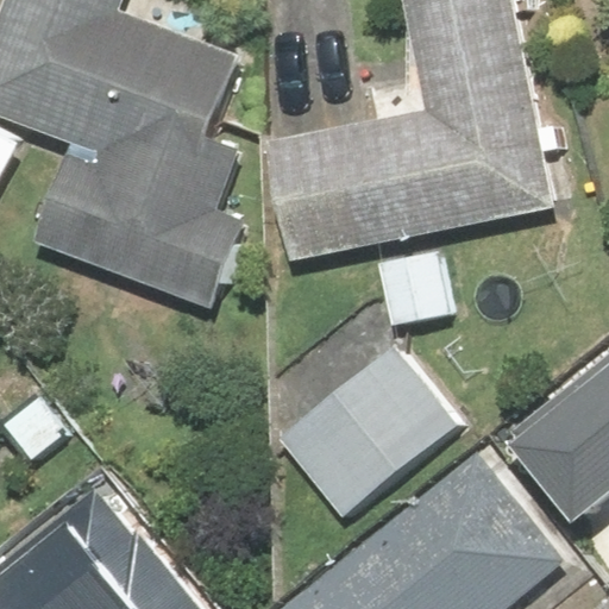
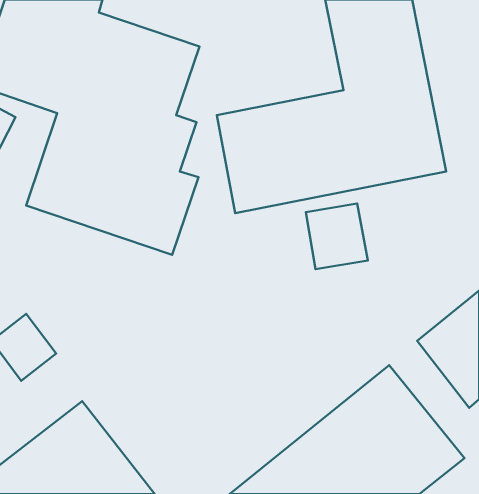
building: [276,345,456,521] -> none

